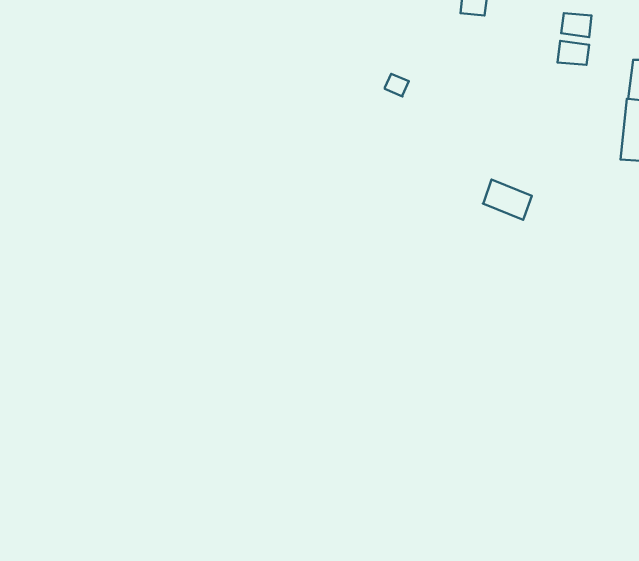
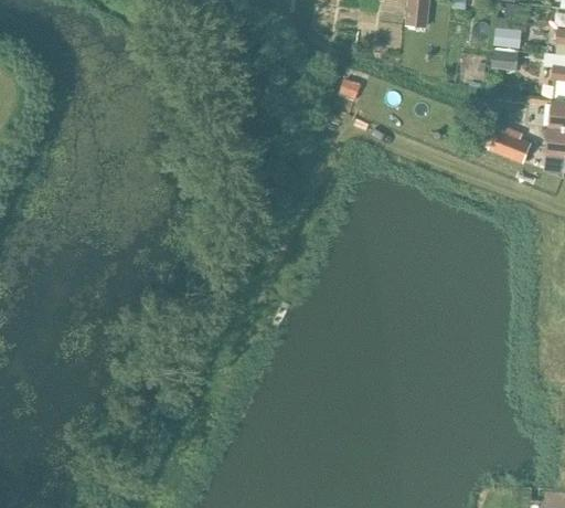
building: [483,179,532,220] -> [488,127,531,162]

